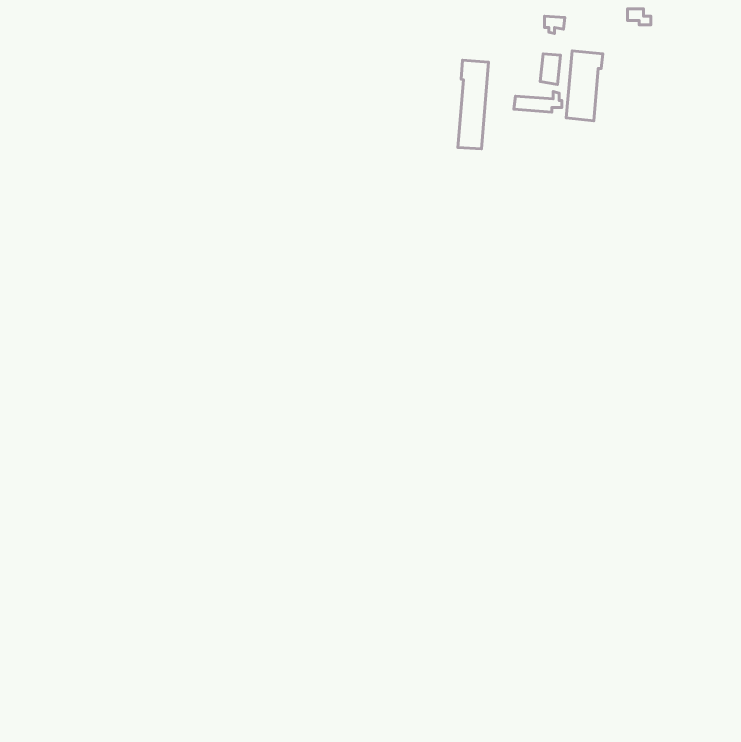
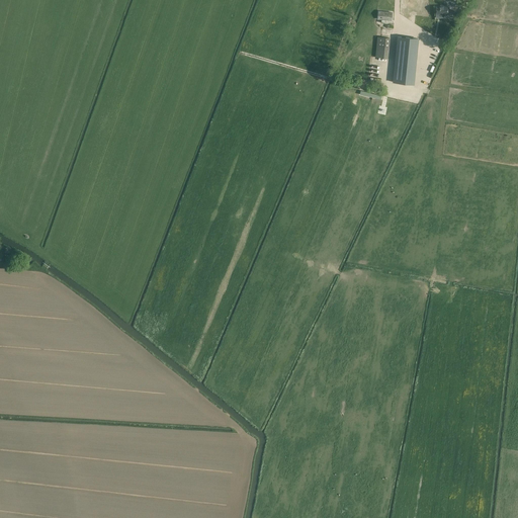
building: [458,60,489,149] -> none

